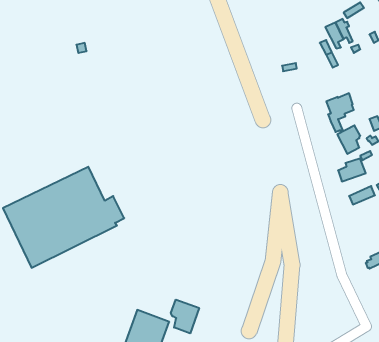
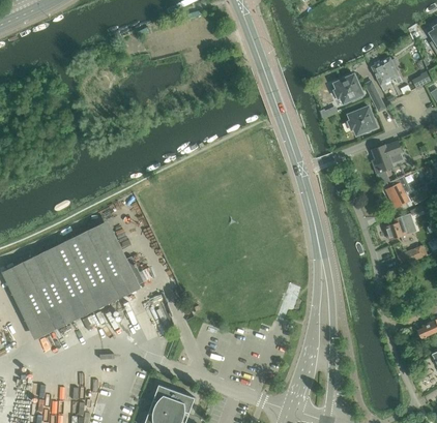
building: none -> [332,74,362,103]
building: none -> [347,107,376,134]
building: [171,300,199,333] -> none

